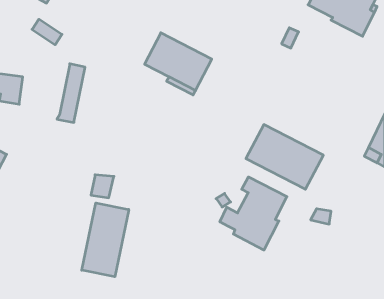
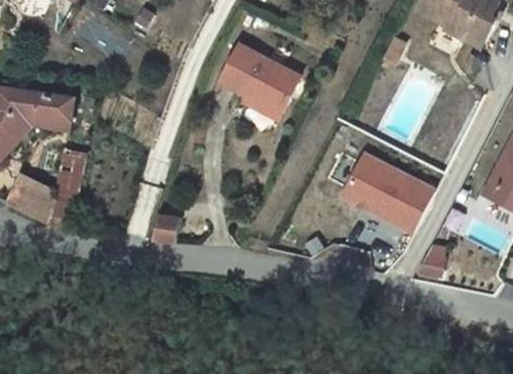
building: [57,64,85,122] -> [50,148,84,218]
building: [220,177,287,250] -> none
building: [82,203,129,277] -> none

